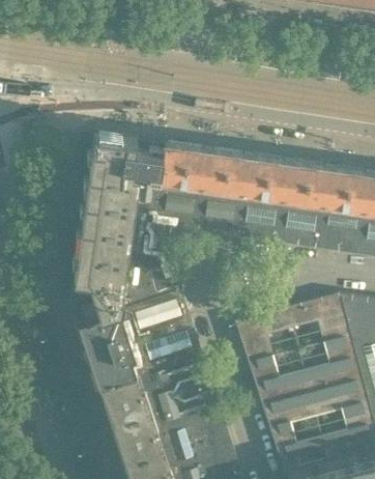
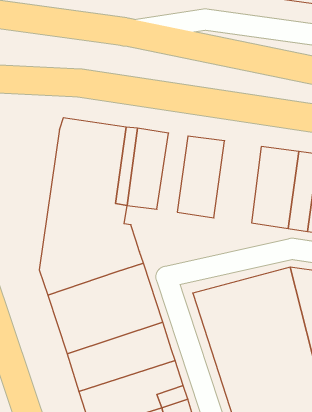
building: [196,149,229,234] -> none
building: [257,158,308,246] -> none

